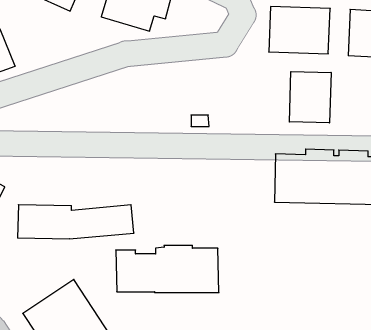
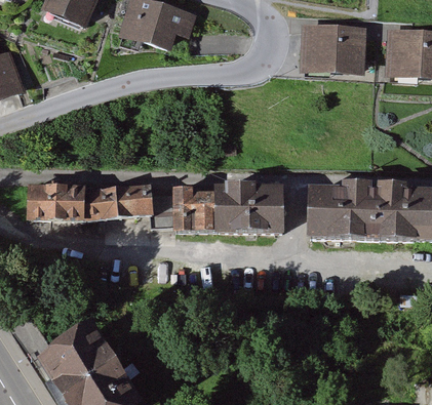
building: [289,72,331,123] -> none
building: [18,205,134,239] -> [26,183,152,219]
building: [116,245,219,293] -> [170,180,282,232]

